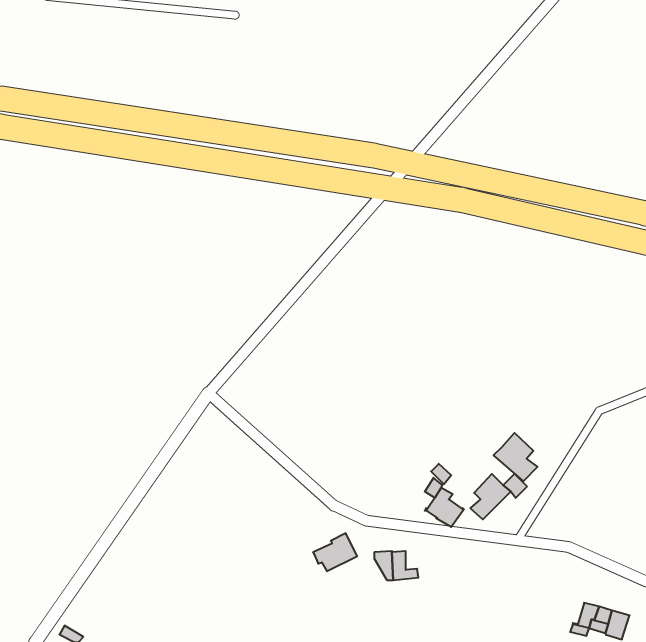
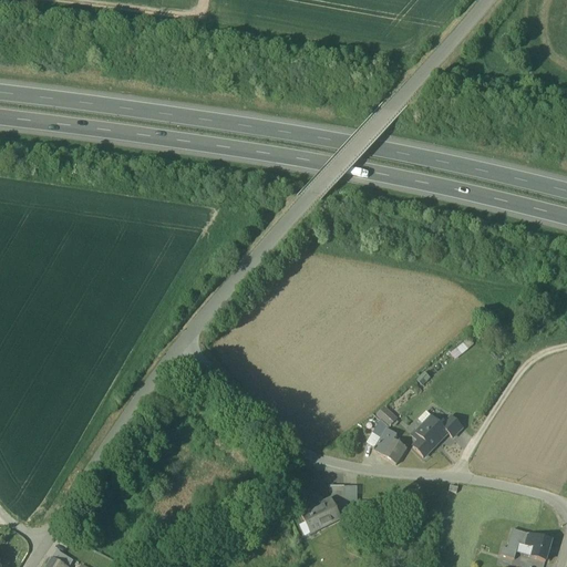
building: [494,433,537,481] -> none
building: [313,533,357,571] -> [301,497,340,530]

